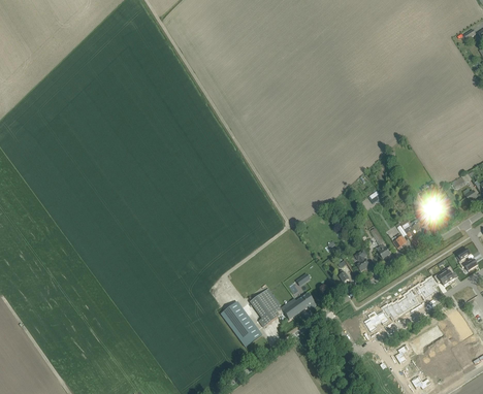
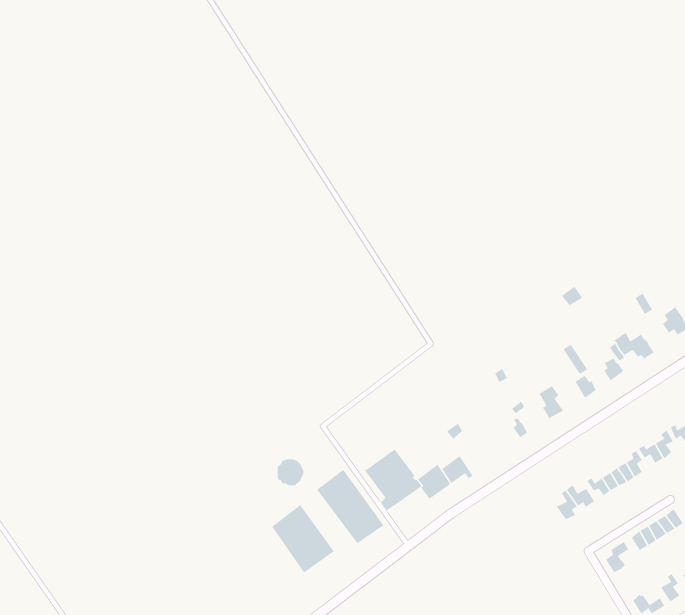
building: none -> [271,504,335,574]

